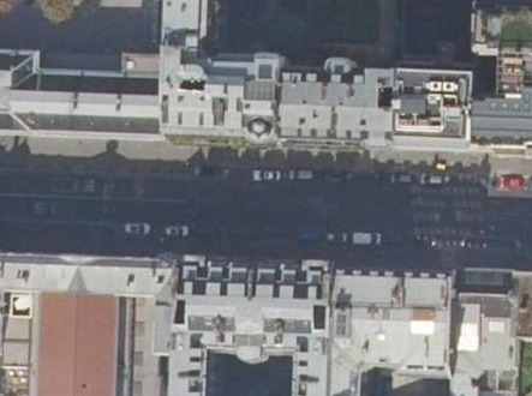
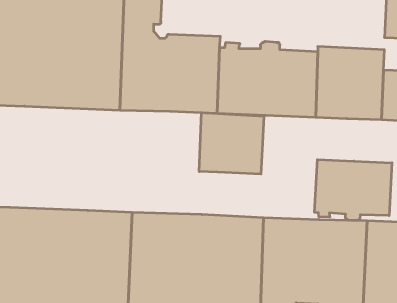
building: none -> [199,113,264,174]
building: none -> [315,160,392,220]

